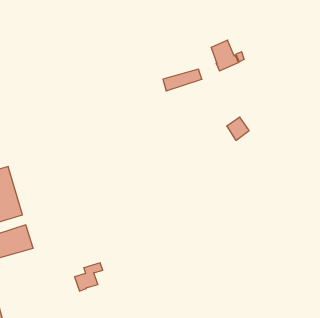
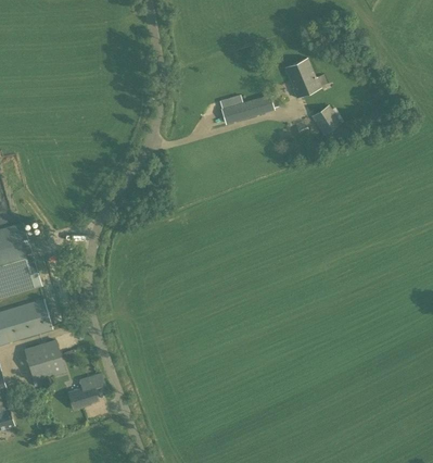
building: [227,117,249,140] -> [310,105,340,136]
building: none -> [23,339,65,381]
building: [75,263,103,291] -> [67,374,104,411]

